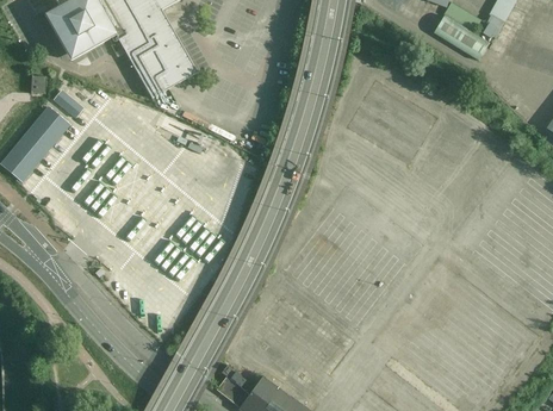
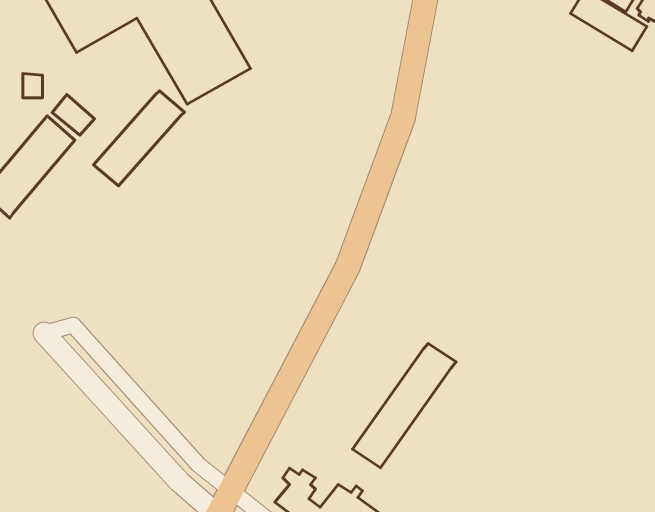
building: none -> [93,91,185,186]
building: none -> [352,343,456,468]

